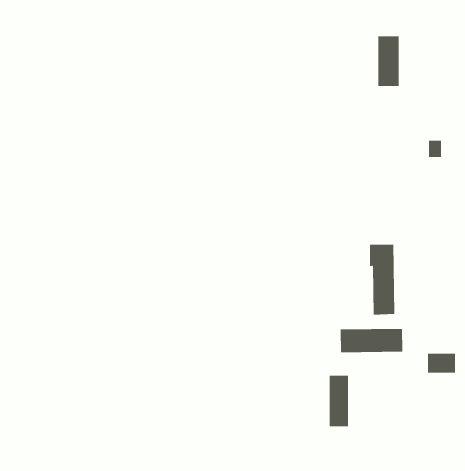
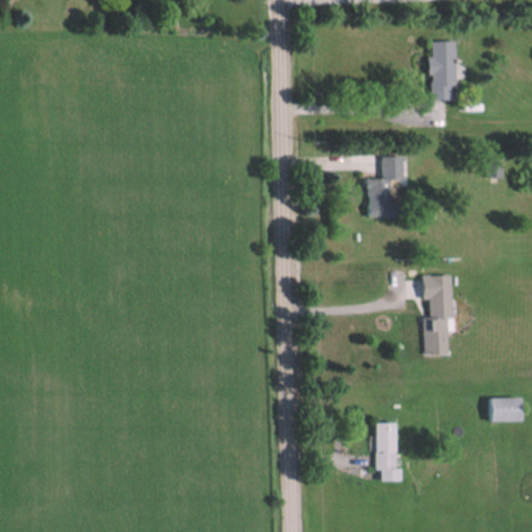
building: none -> [368,155,405,217]
building: [340,328,403,353] -> none

